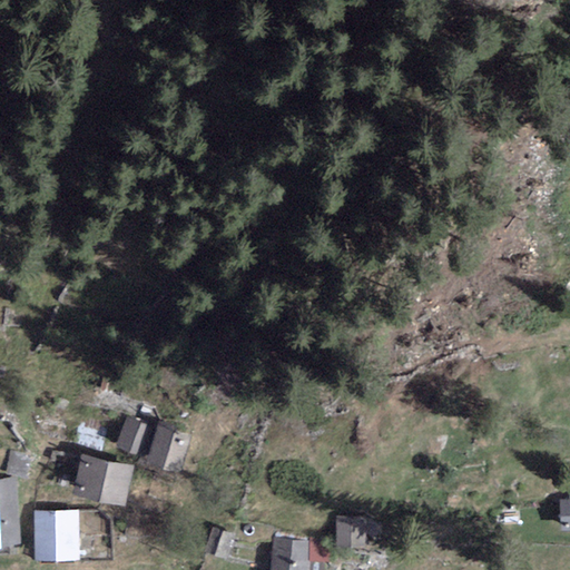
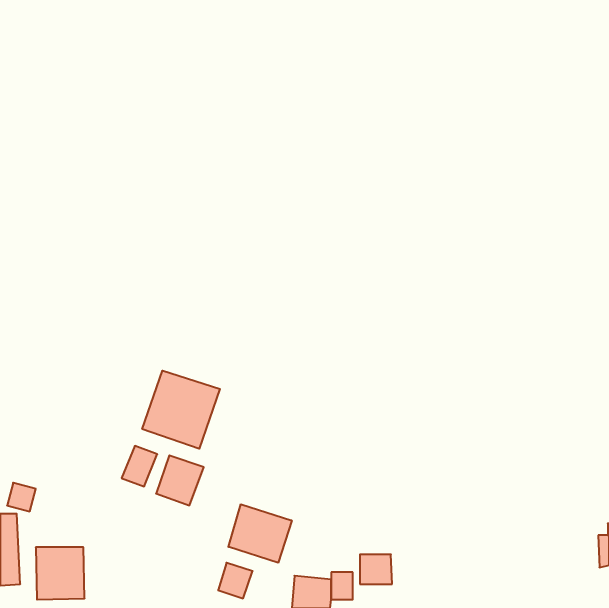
building: none -> [142,371,220,449]
building: [73,455,132,504] -> none
building: none -> [228,504,292,563]

